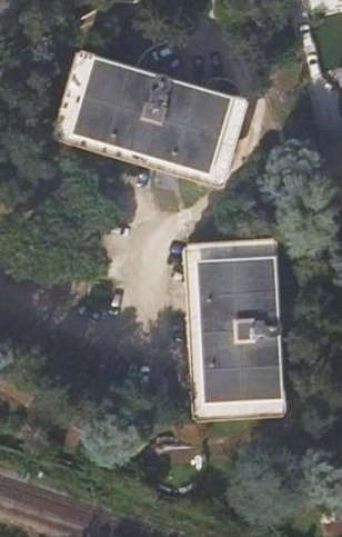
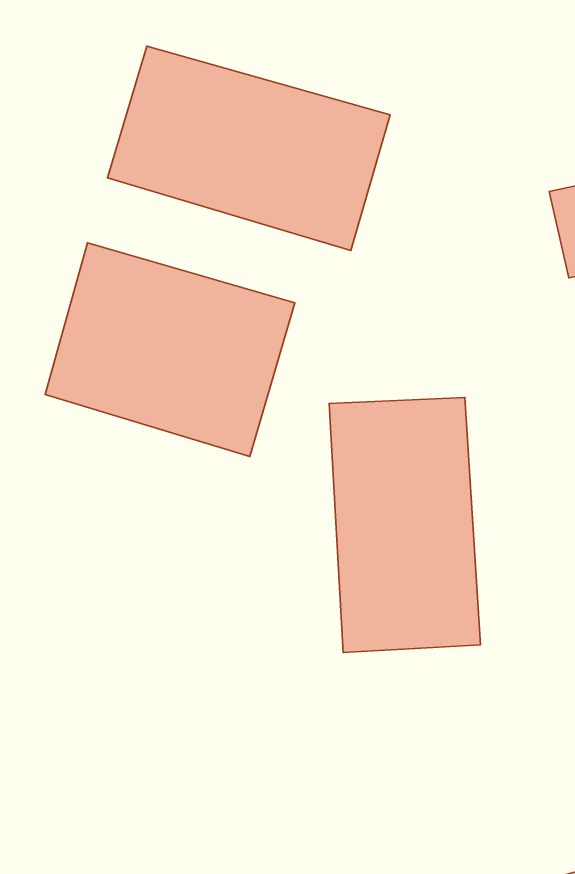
building: none -> [45,243,295,456]

